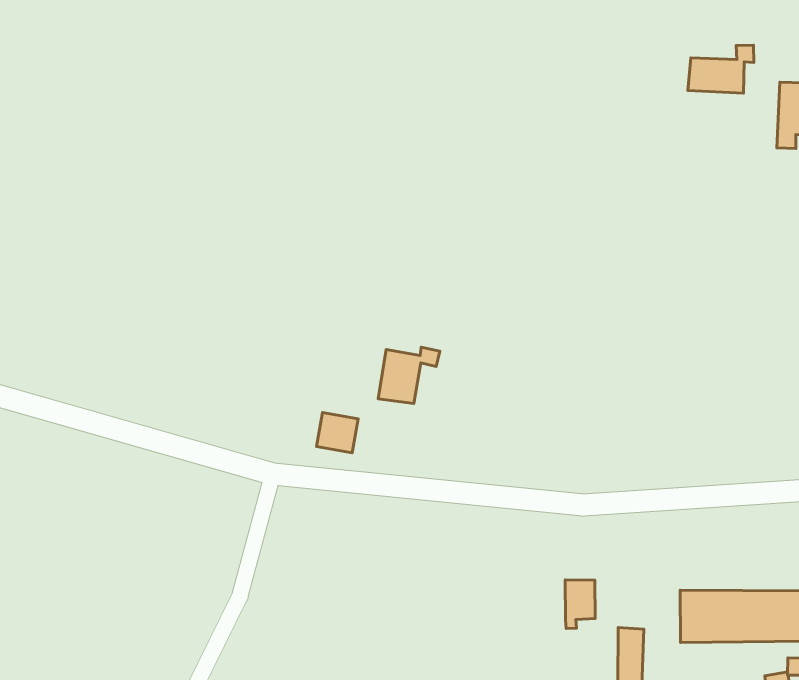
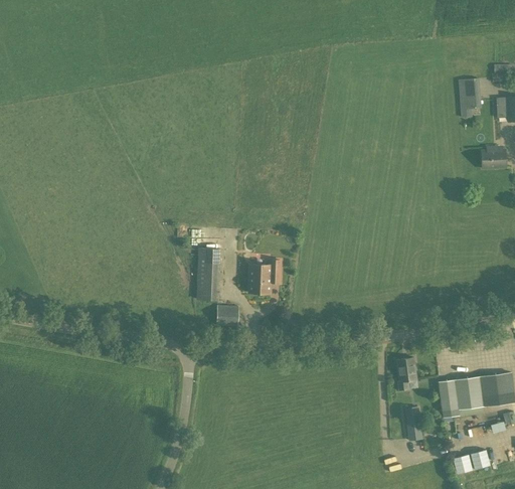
building: [688,45,754,93] -> none
building: none -> [198,249,220,300]
building: [565,580,595,629] -> [397,357,417,387]

